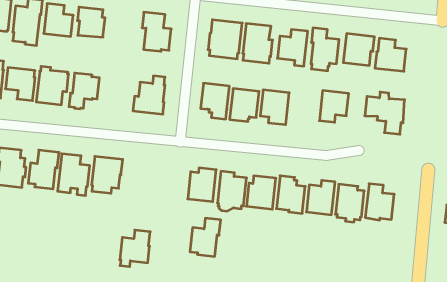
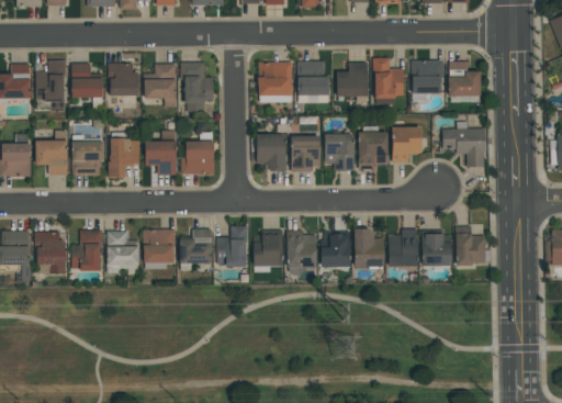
building: none -> [145,64,176,108]
building: none -> [145,131,177,175]
building: none -> [359,132,387,169]
building: [190,218,221,256] -> [217,225,248,267]
building: [120,230,150,267] -> [180,228,212,270]

